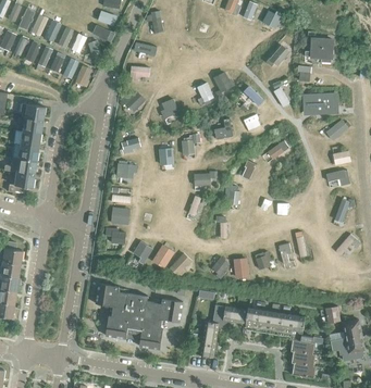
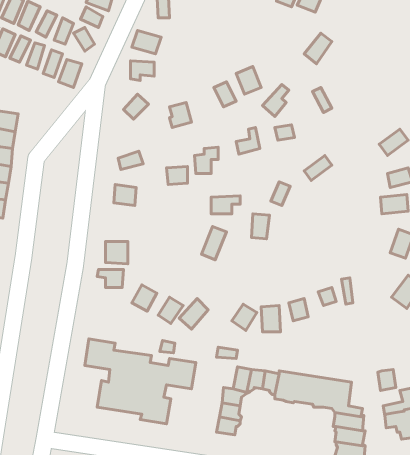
building: [306,38,334,58] -> none
building: [305,93,336,113] -> none

